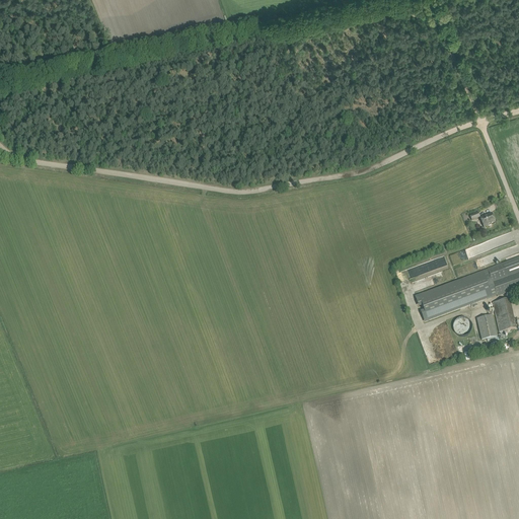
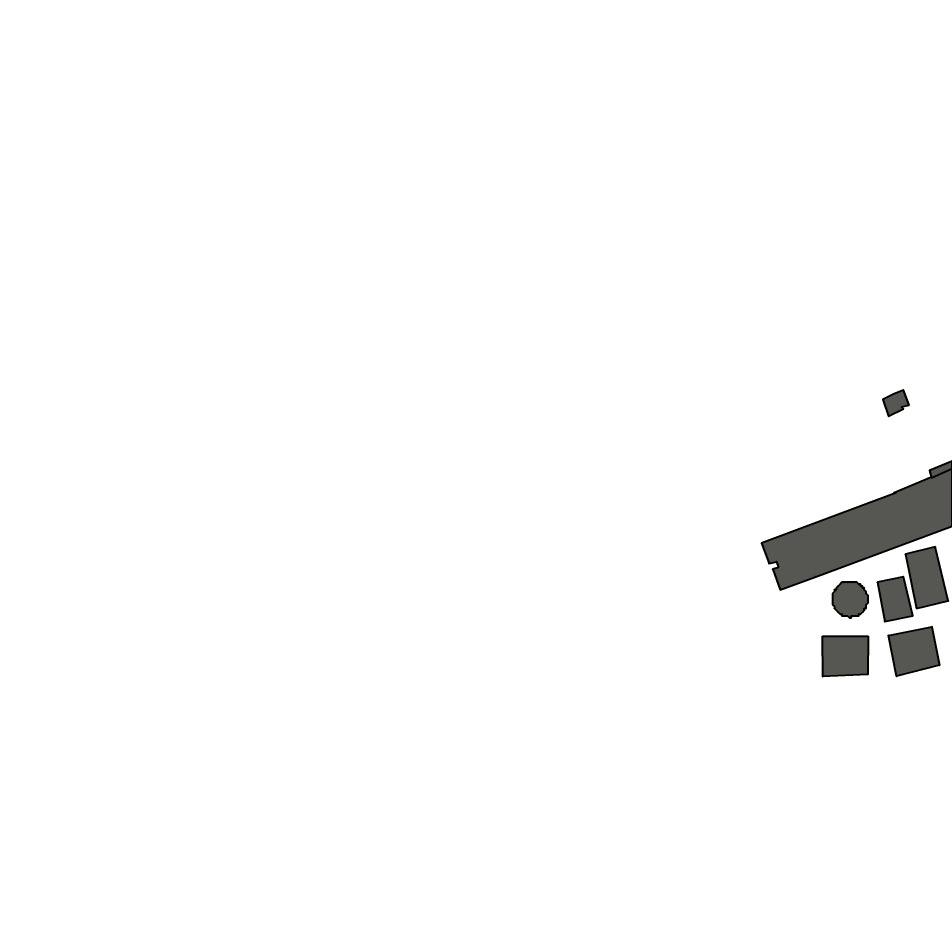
building: none -> [888,627,939,676]
building: none -> [823,636,868,677]

